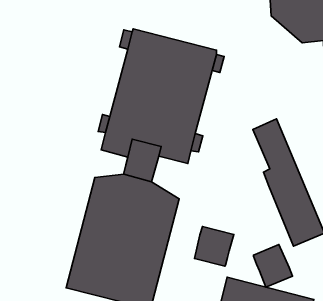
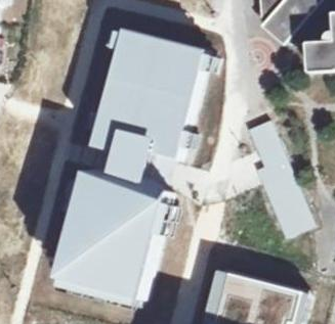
building: [195,226,234,266] -> none
building: [253,244,293,287] -> none

